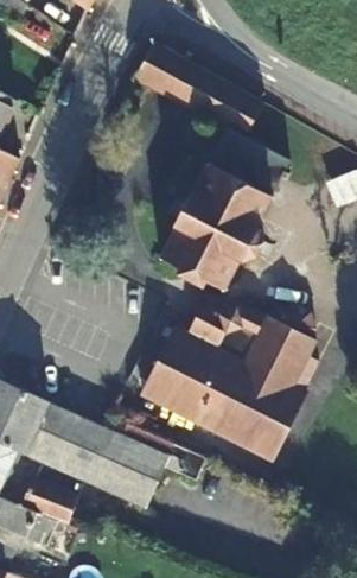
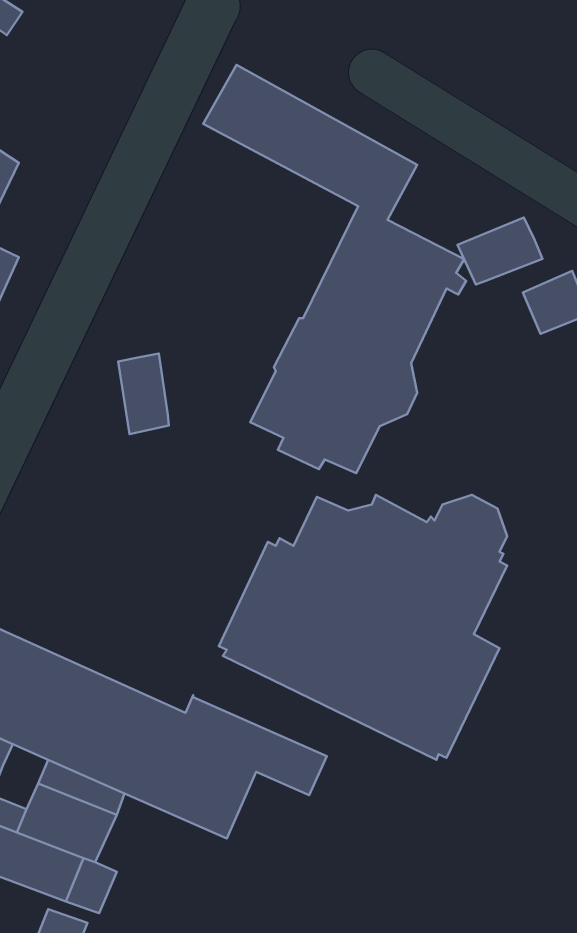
building: none -> [457,218,543,284]
building: none -> [118,354,169,434]

